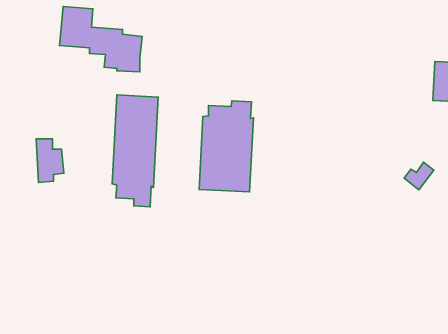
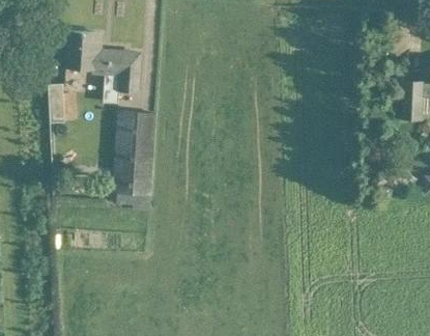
building: [199,101,254,192] -> none
building: [36,139,64,182] -> [49,83,74,122]

